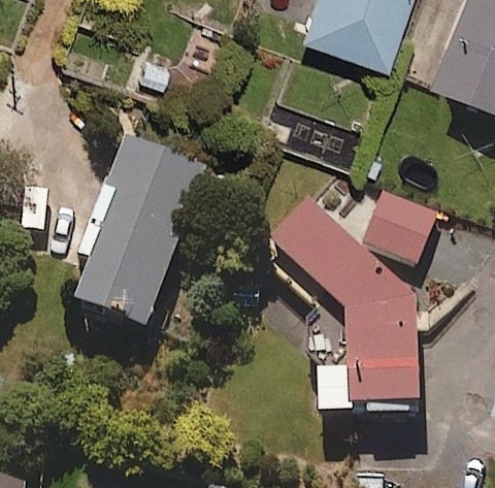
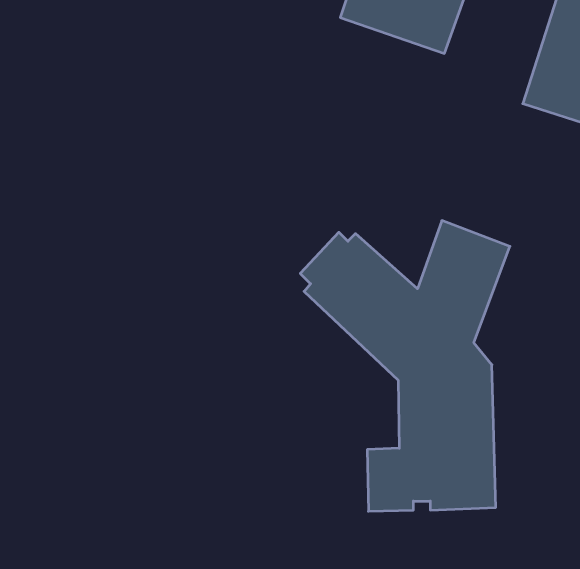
building: [78,135,205,329] -> none

